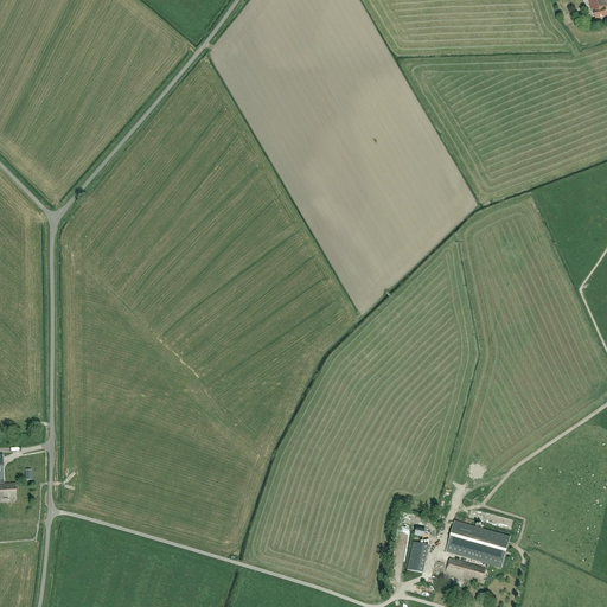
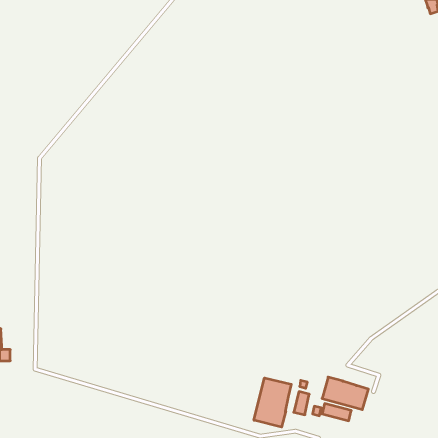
building: none -> [254,378,291,427]

